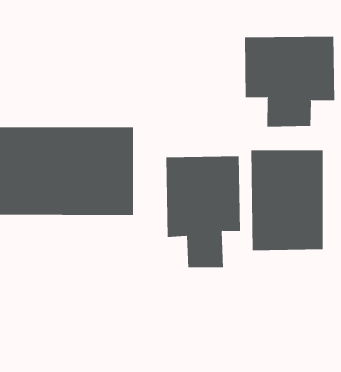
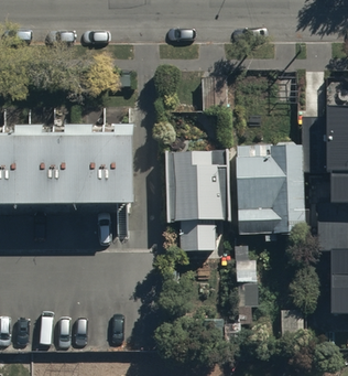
building: [245,36,335,127] -> none

